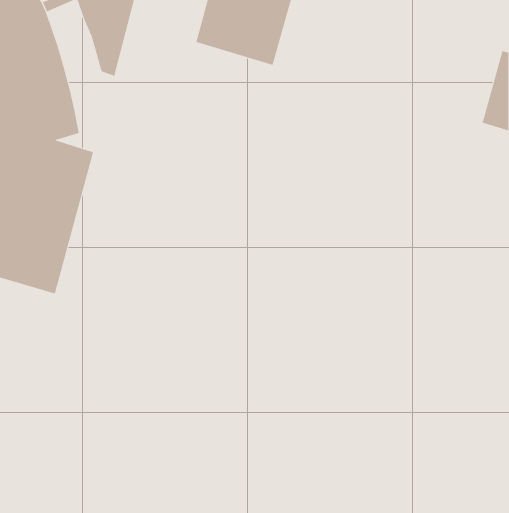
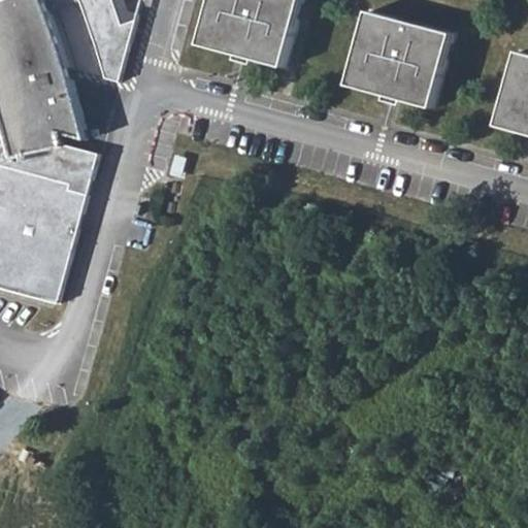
building: none -> [342,11,451,109]

